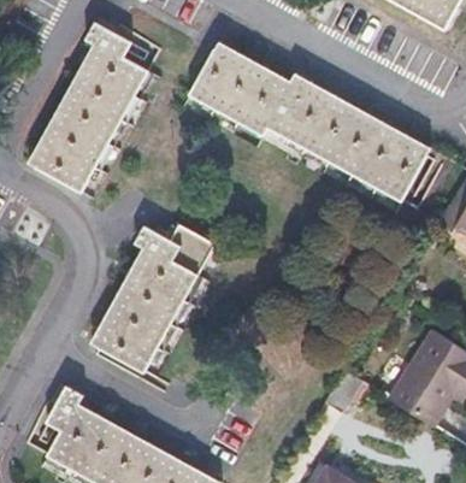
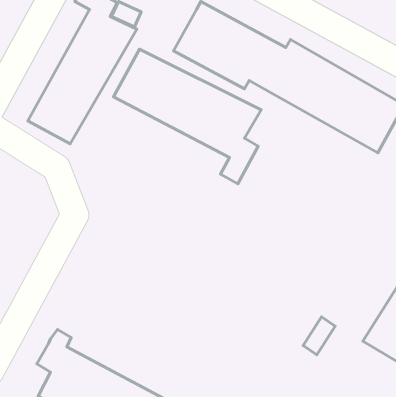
building: none -> [114,49,261,184]
building: [98,223,212,371] -> none

